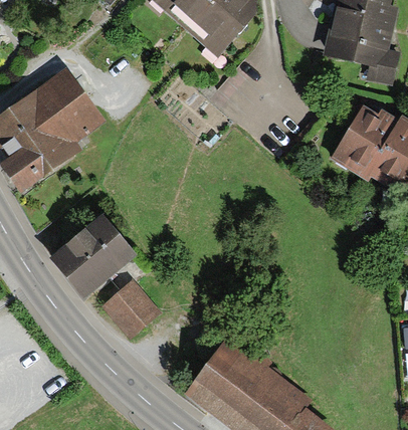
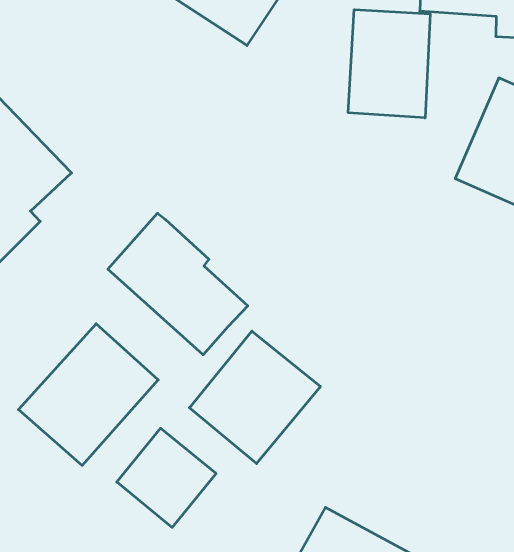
building: none -> [348,10,430,118]
building: none -> [108,213,248,355]
building: none -> [189,331,320,464]

